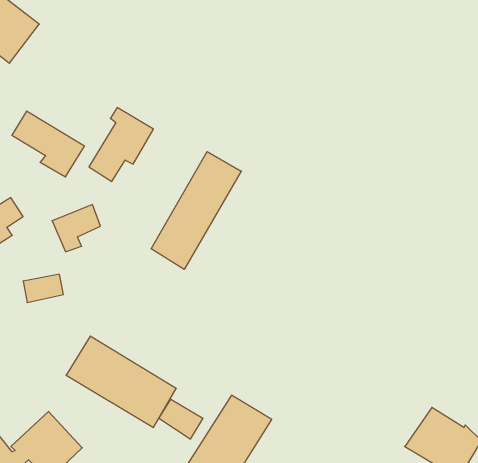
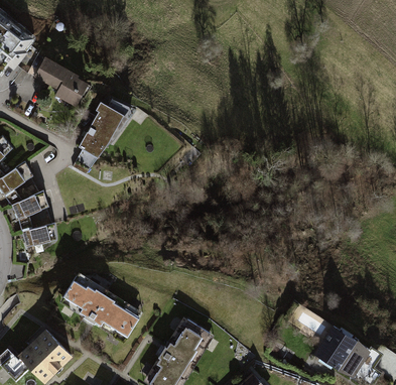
building: [12,111,84,177] -> [35,56,90,106]
building: [151,152,241,269] -> none
building: [52,205,100,252] -> [13,192,49,228]
building: [159,399,203,439] -> none

